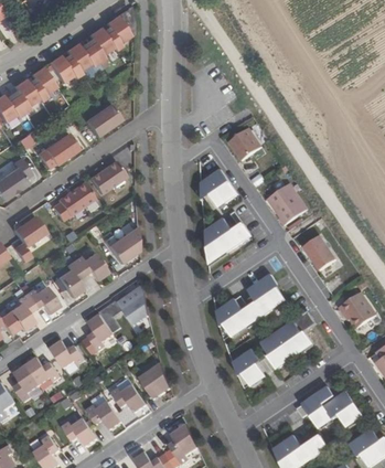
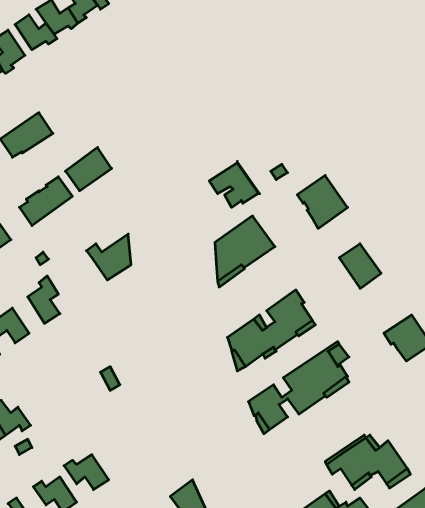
building: [85,104,120,137] -> none
building: [231,129,263,161] -> none
building: [74,254,108,283] -> none
building: [118,286,149,327] -> none
building: [89,317,114,353] -> none
building: [51,342,86,371] -> none
building: [139,364,172,396] -> none
building: [113,386,147,414] -> none

